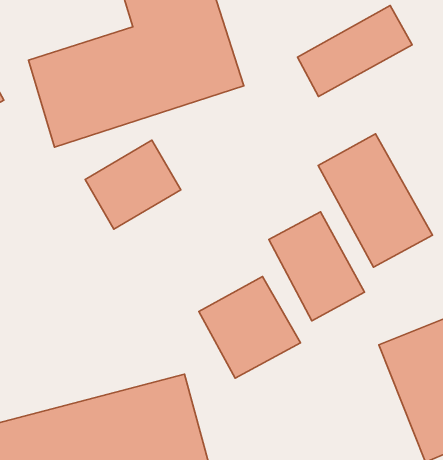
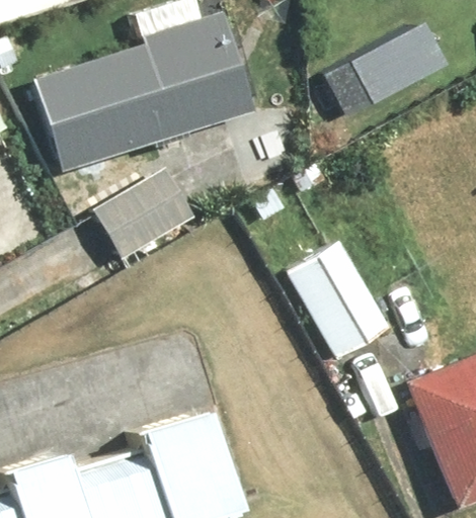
building: [318,134,432,267] -> none
building: [199,277,300,378] -> none

